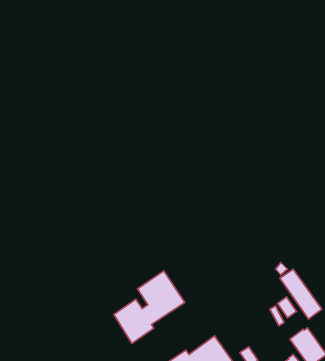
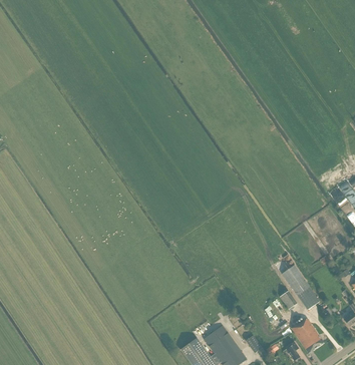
building: [114,271,185,344] -> none

